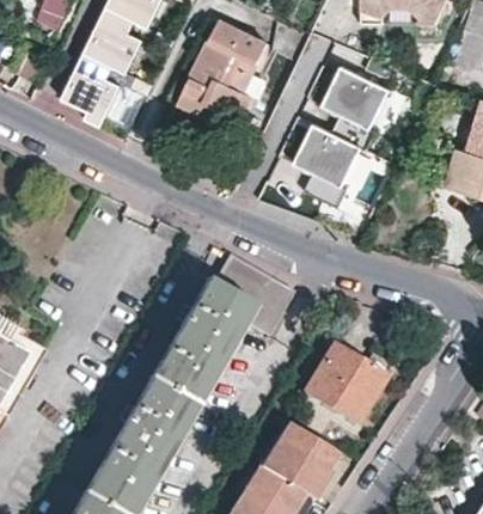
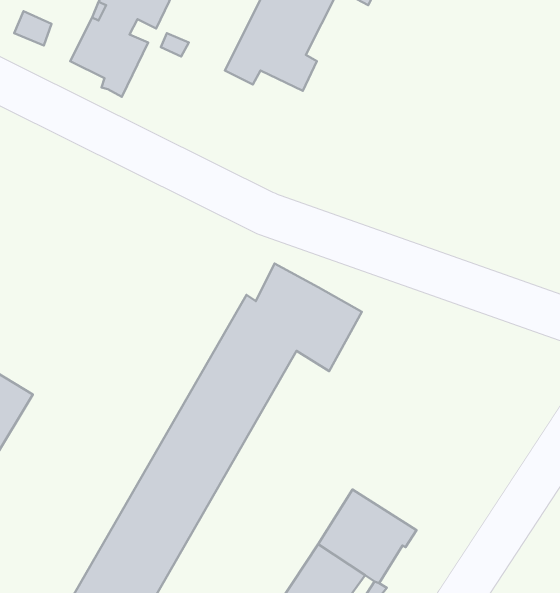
building: [296,67,392,209] -> none
building: [298,343,381,427] -> none

